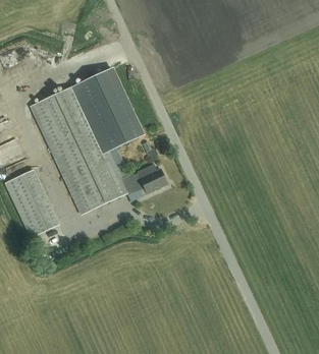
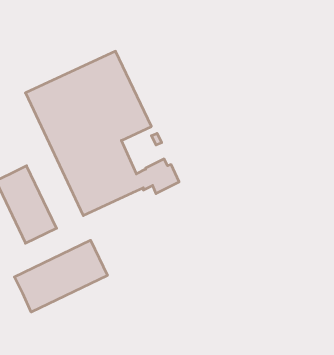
building: none -> [14,240,107,312]

